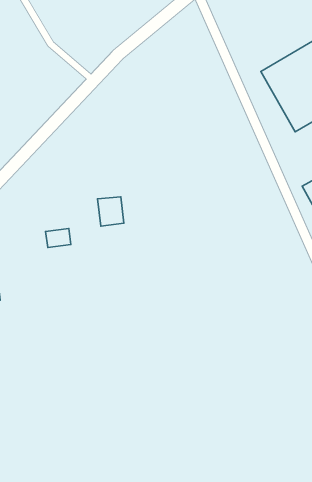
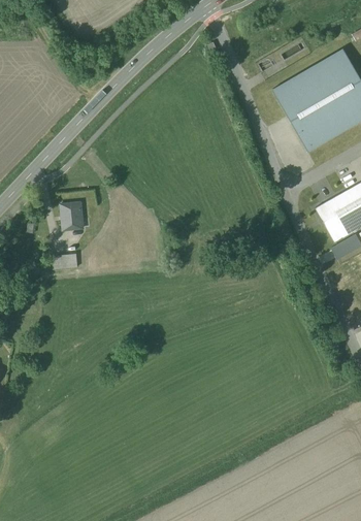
building: [98,197,124,226] -> [58,200,85,230]

